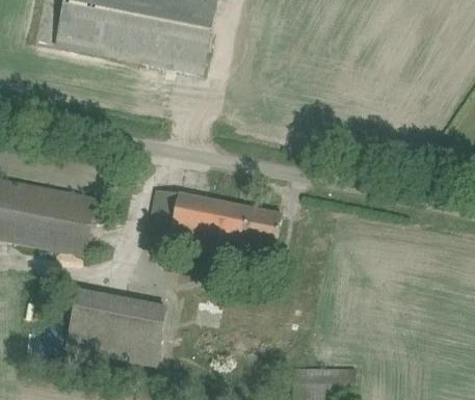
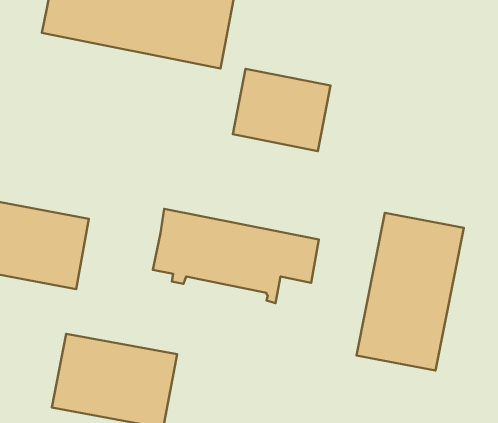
building: none -> [233,69,330,151]
building: none -> [357,213,464,370]

